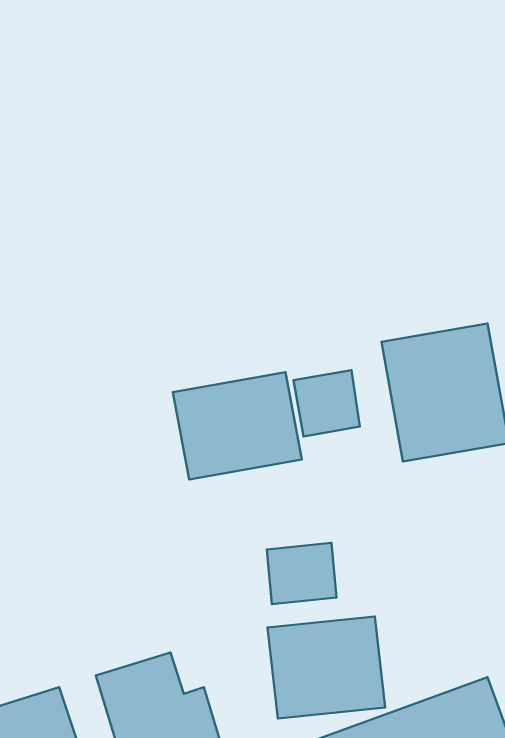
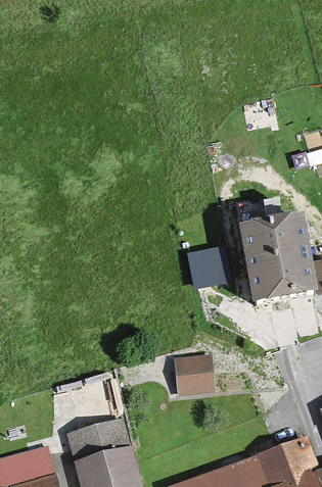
building: [173,372,302,479] -> none
building: [268,617,385,719] -> none

